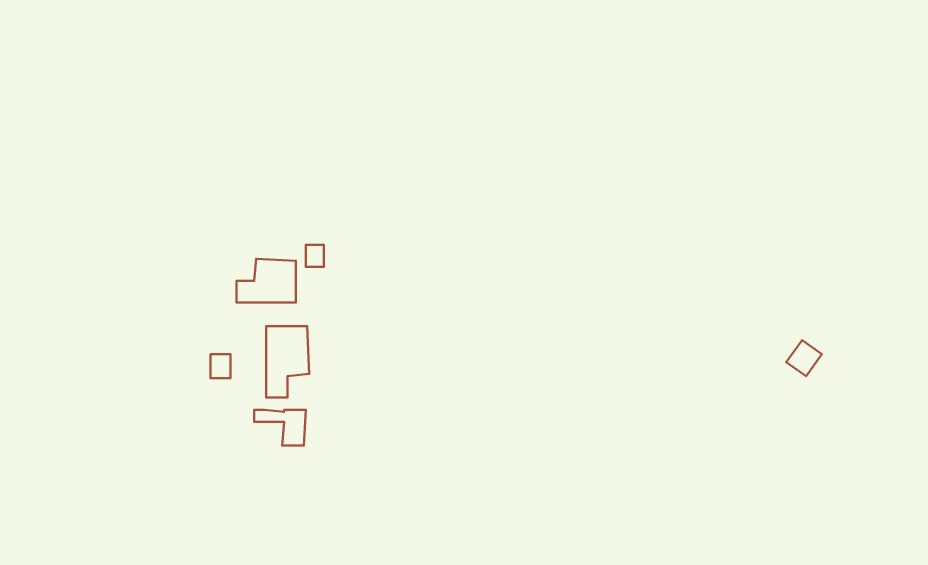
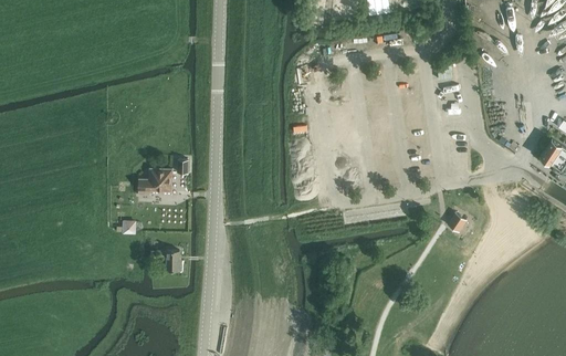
building: [266,326,309,398] -> none

